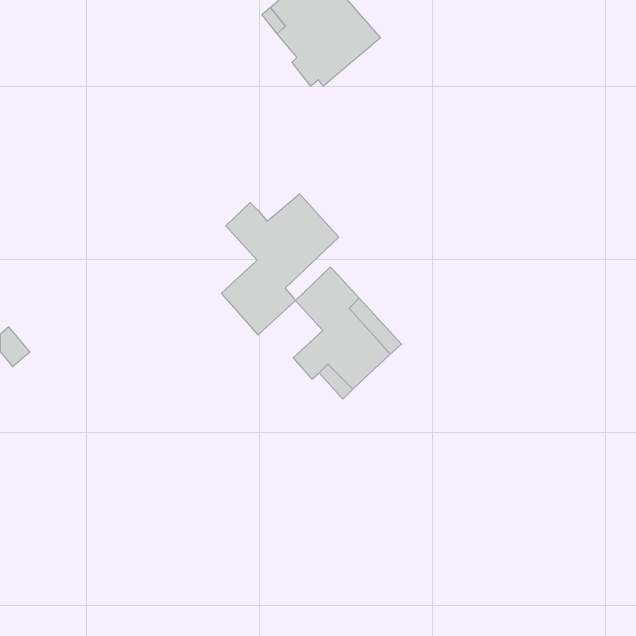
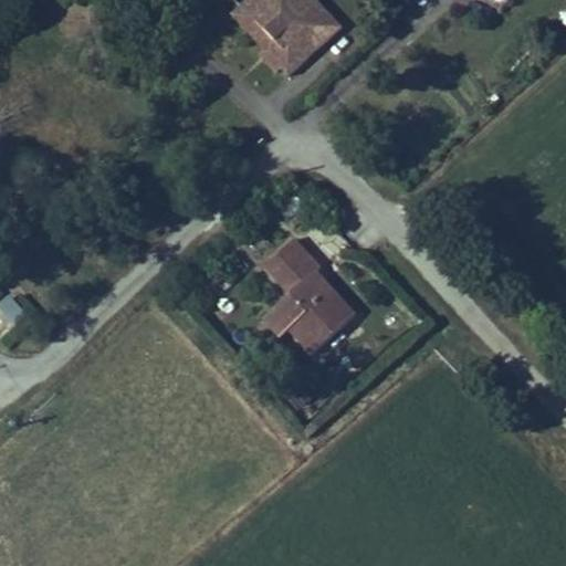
building: [222,194,339,335] -> none

